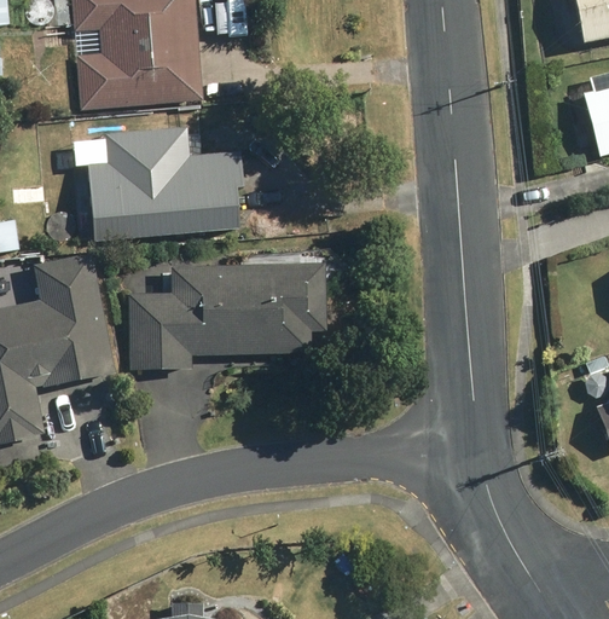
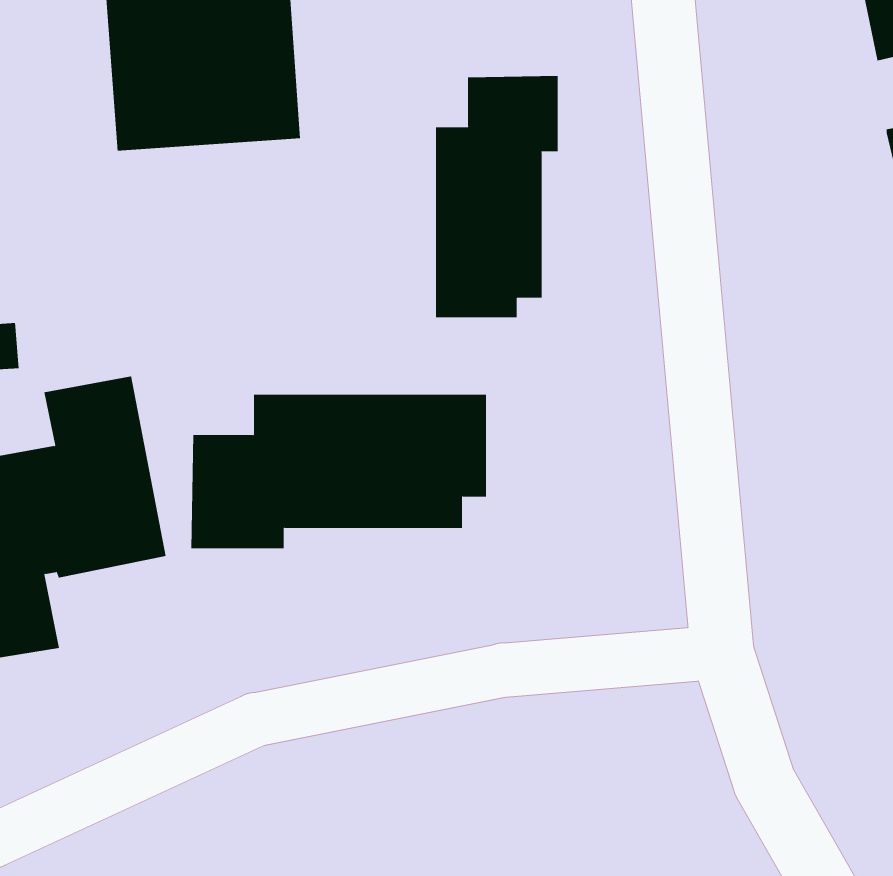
building: none -> [435,75,558,318]
building: [86,128,240,239] -> none

